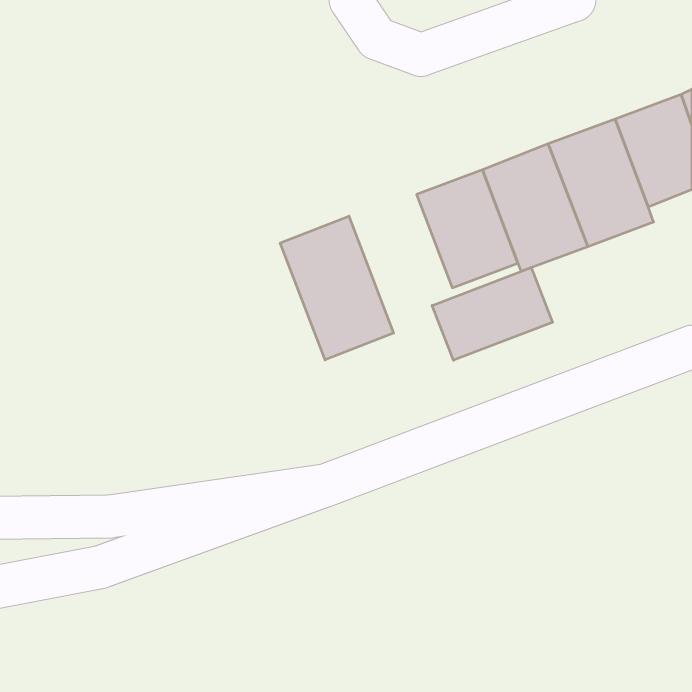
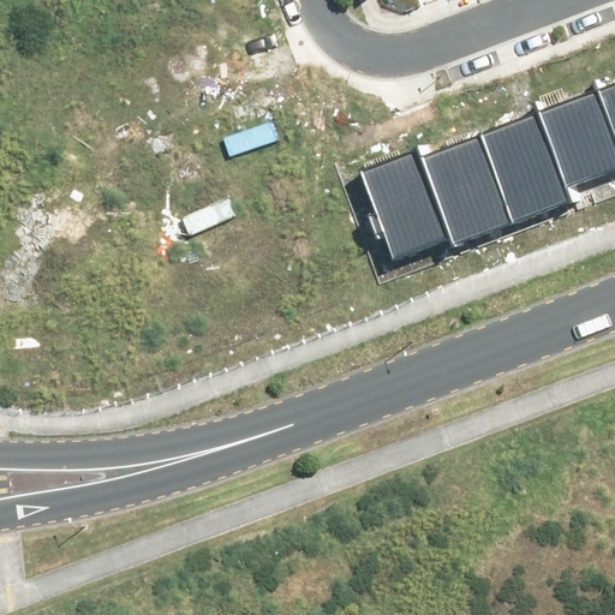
building: [280,216,394,360] -> none
building: [432,267,553,360] -> none

